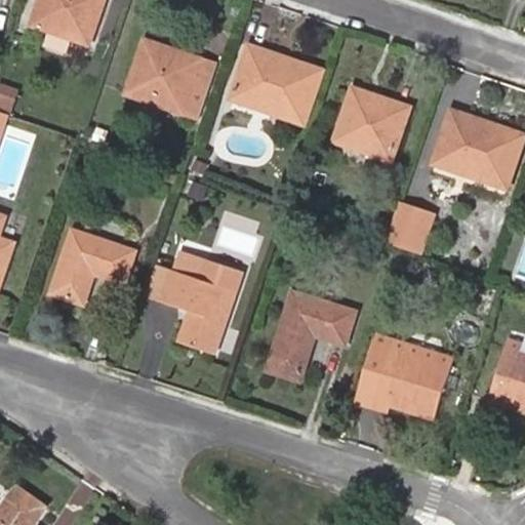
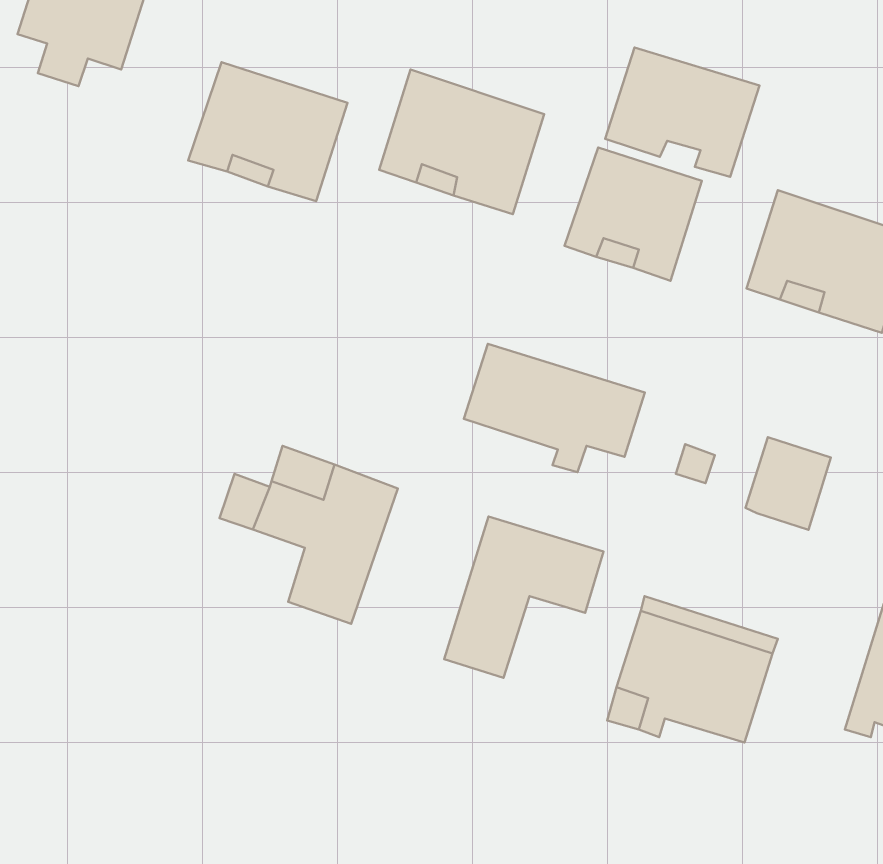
building: none -> [605,48,759,177]
building: none -> [464,344,645,472]
building: [391,204,438,255] -> [746,437,831,530]
building: [50,229,136,305] -> none

